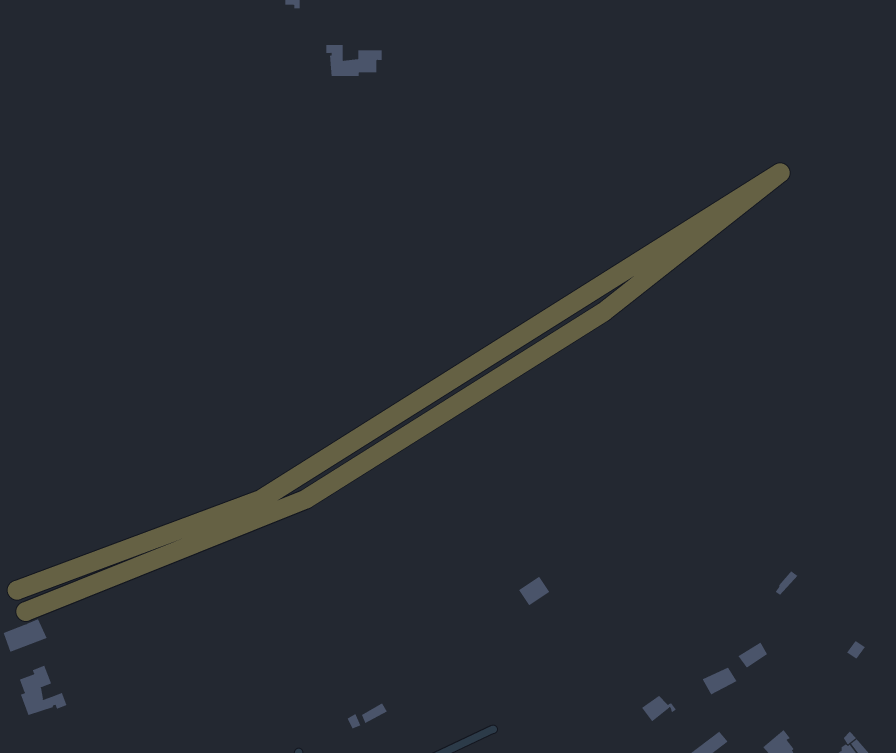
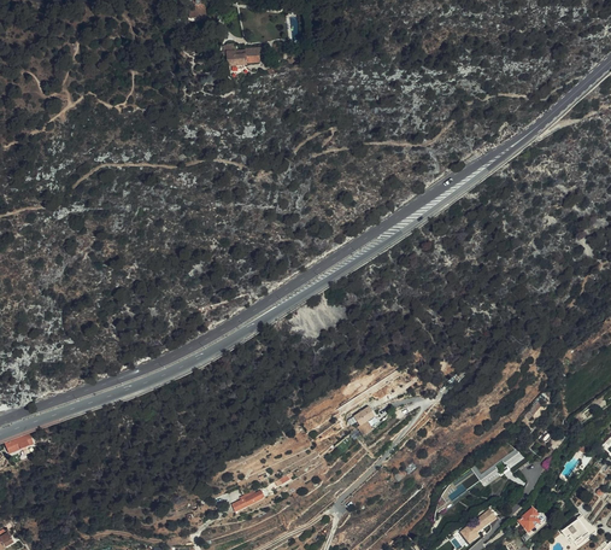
building: [19,665,67,716] -> none

